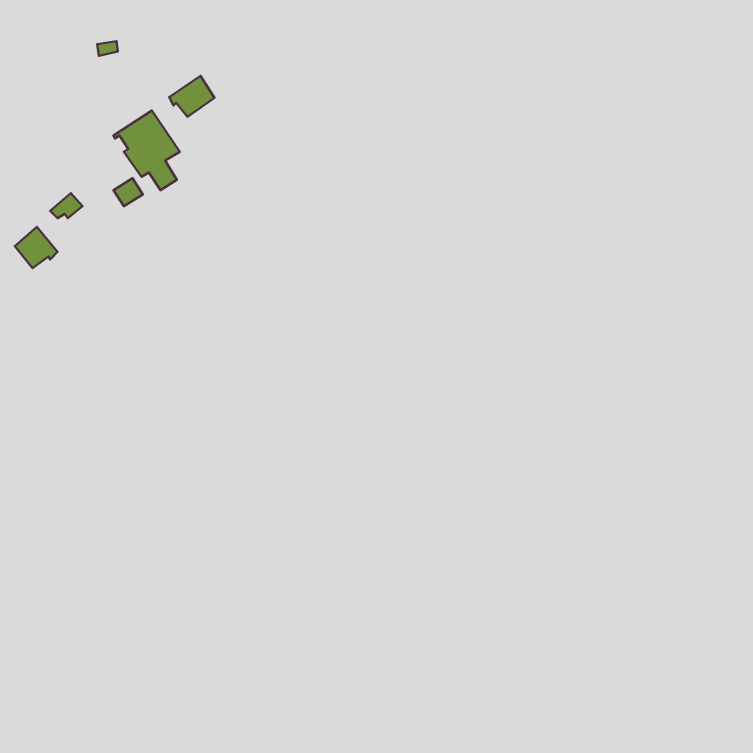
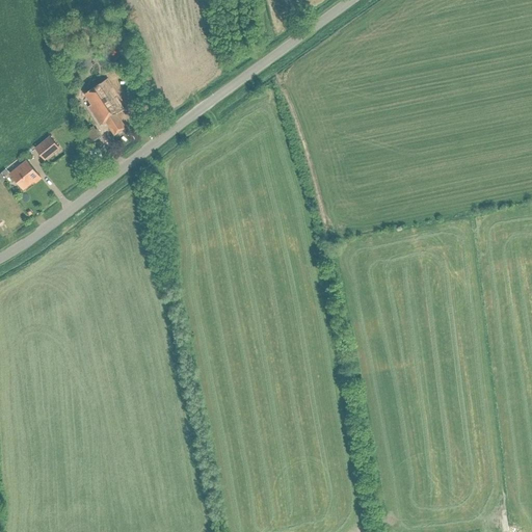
building: [169,76,215,117] -> none

